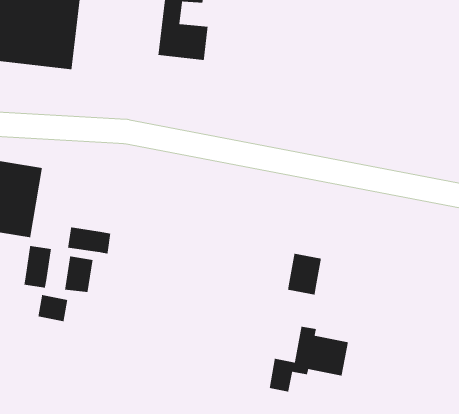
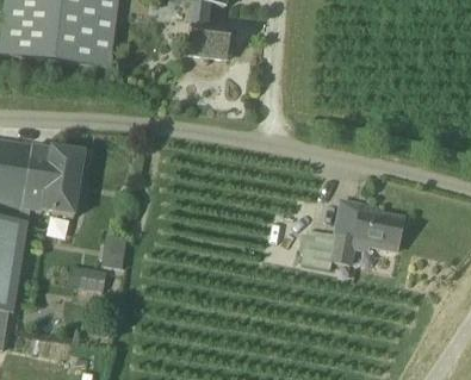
building: [67,227,111,254] -> none
building: [23,245,52,288] -> none
building: [269,326,349,393] -> [330,203,402,262]

